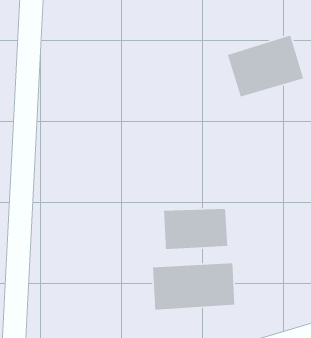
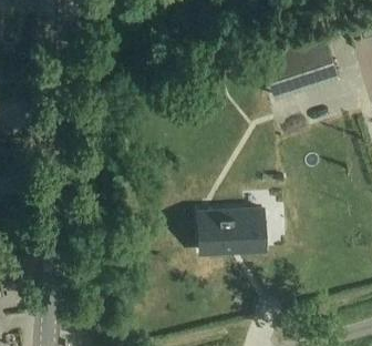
building: [152,263,235,311] -> none

